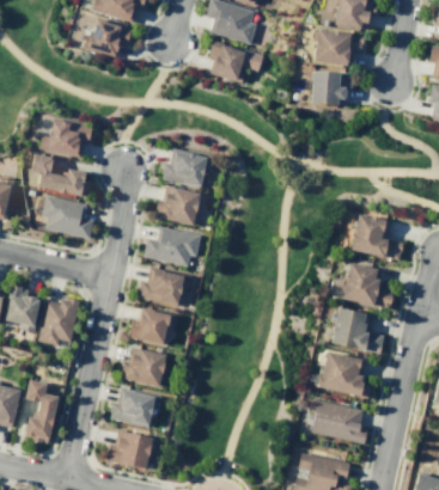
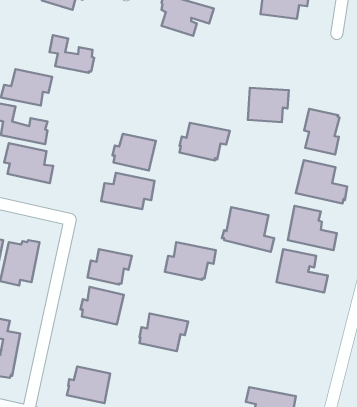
building: [307,69,350,105] -> [248,88,289,122]
building: none -> [50,35,94,73]
building: [163,148,215,188] -> [180,123,230,161]
building: none -> [304,109,339,155]
building: [138,267,191,306] -> [165,242,216,280]
building: [315,351,370,398] -> [222,207,274,252]
building: [110,387,161,427] -> [139,314,188,351]
building: [309,399,365,443] -> none

